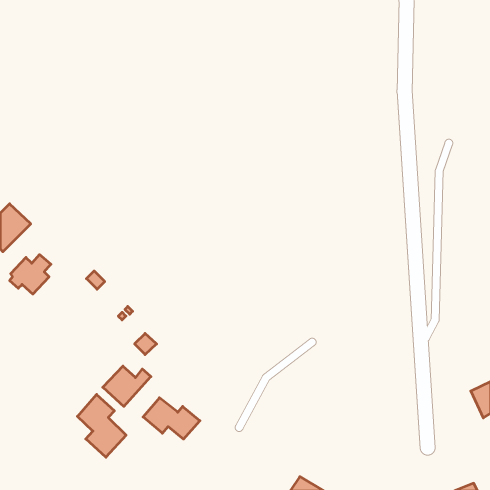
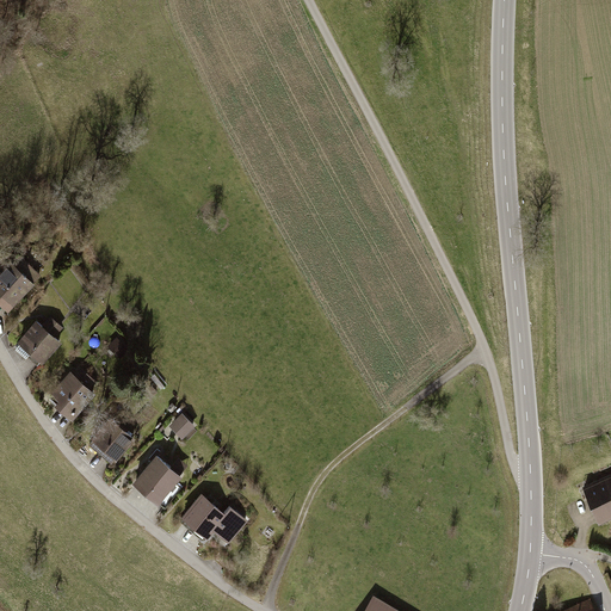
building: none -> [48,369,97,419]
building: none -> [86,419,131,464]
building: [77,394,126,457] -> none

